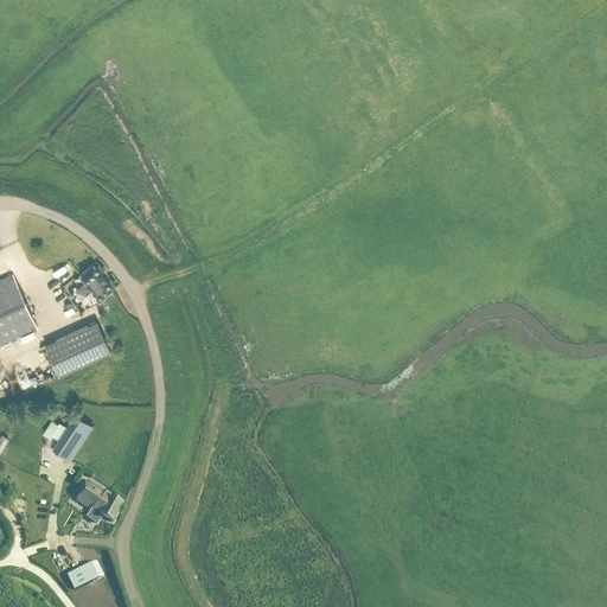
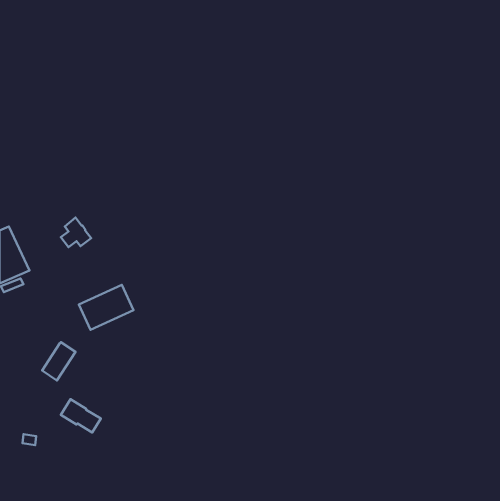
building: [43,320,109,375] -> [79,285,134,330]
building: [65,563,102,592] -> none

